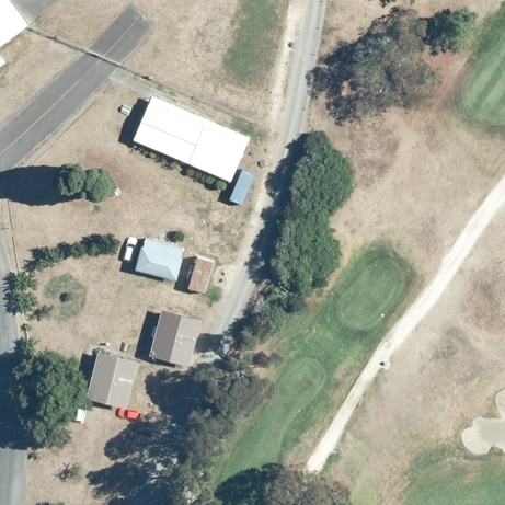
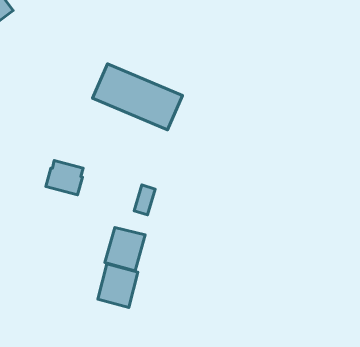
building: [134,236,183,280] -> [46,161,83,195]
building: [84,352,137,409] -> [98,264,138,307]

